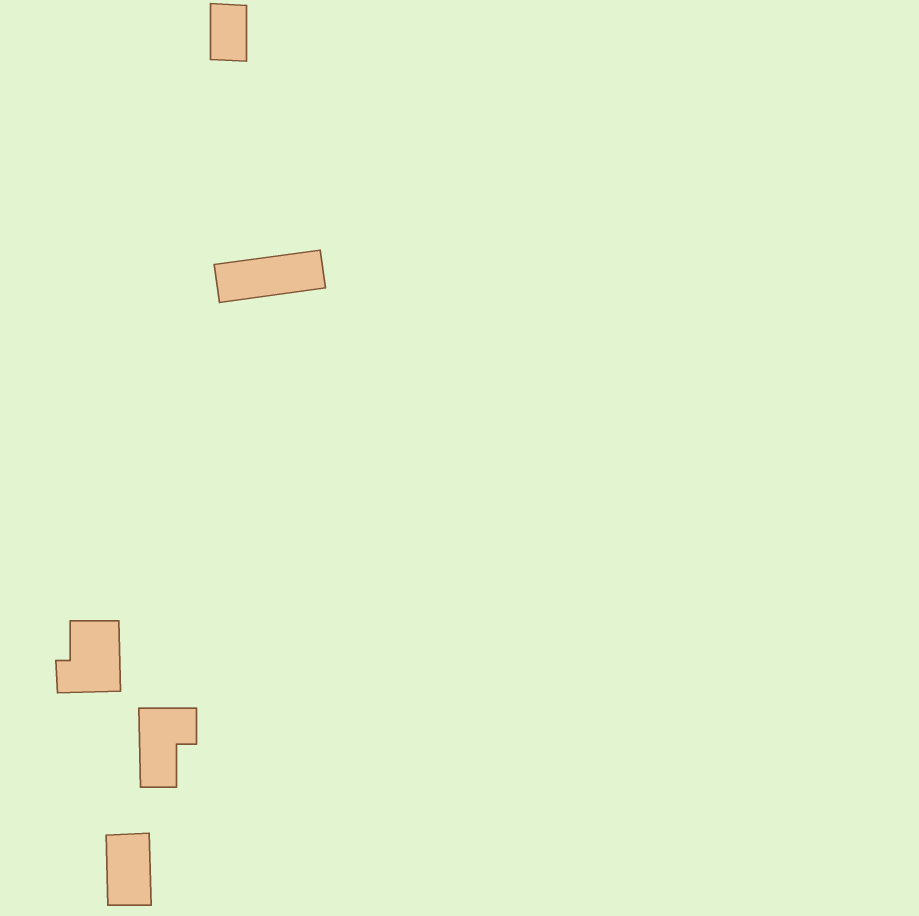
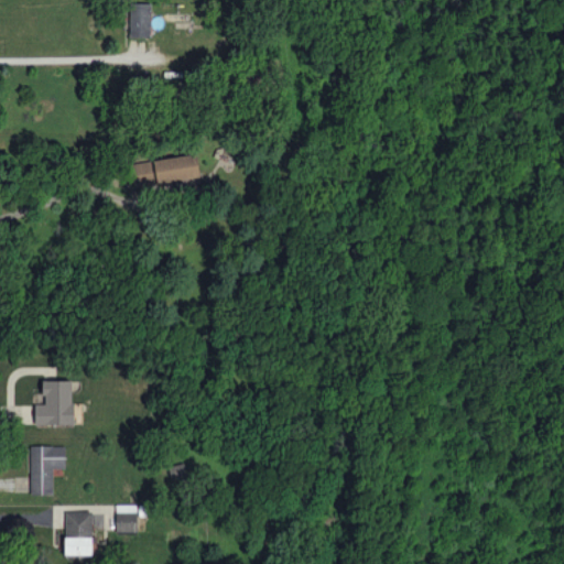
building: [139,708,196,787] -> [30,447,65,496]
building: none -> [116,506,137,533]

